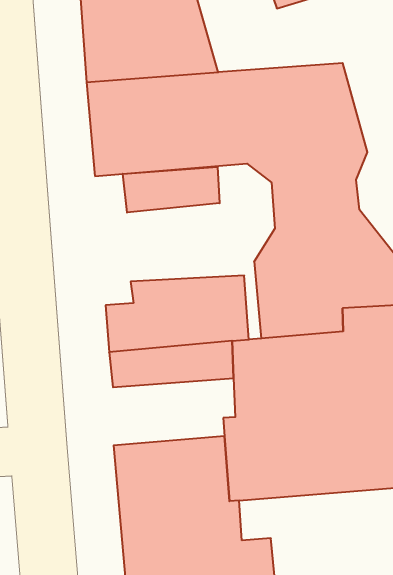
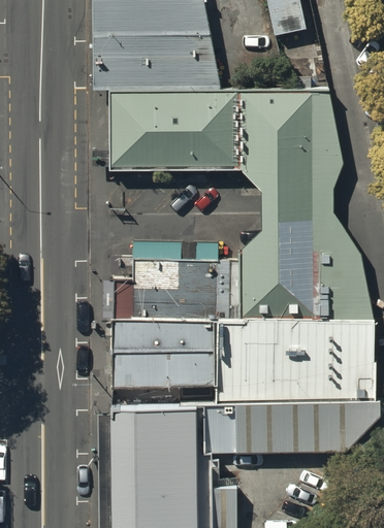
building: [123,167,220,213] -> none
building: none -> [111,350,215,384]

